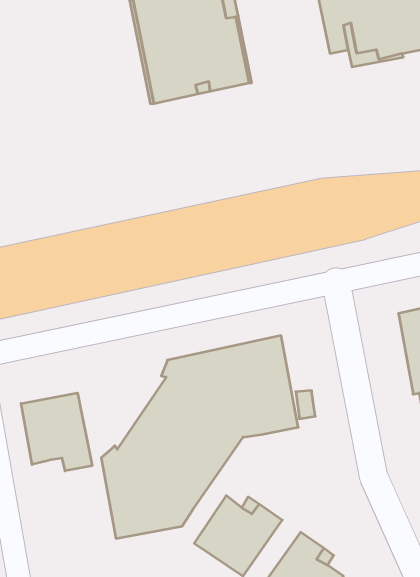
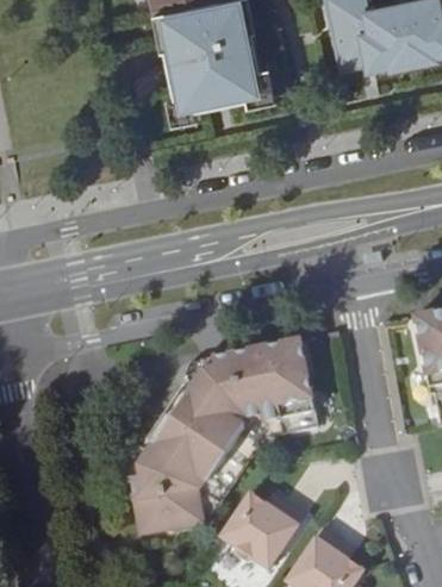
building: [21,393,92,471] -> none

